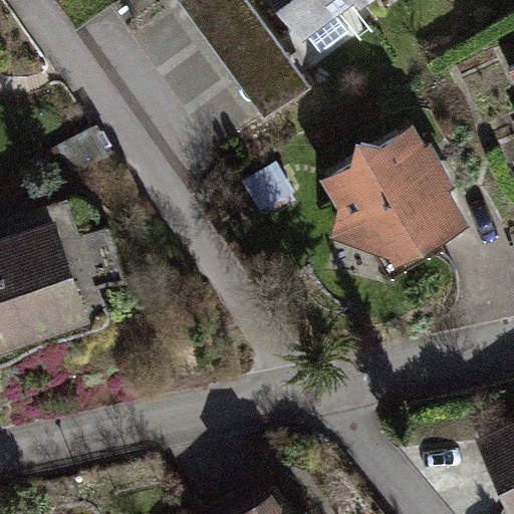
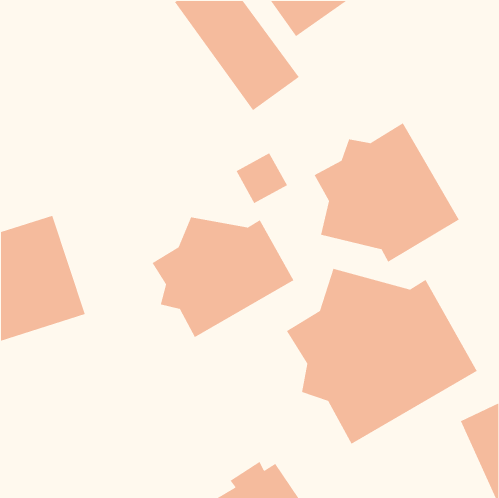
building: none -> [151,216,294,338]
building: none -> [286,268,478,445]

